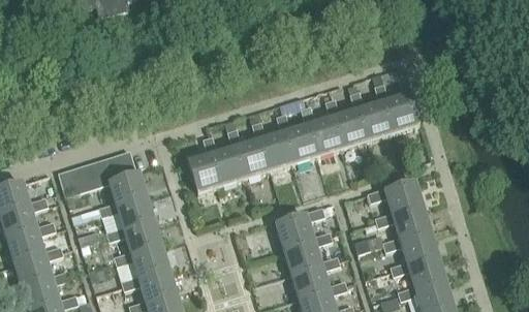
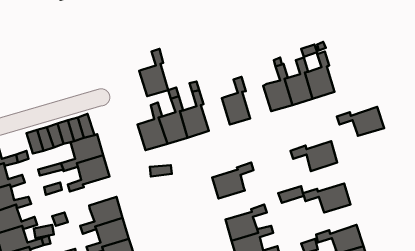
building: [311,98,345,154] -> none
building: [262,113,297,168] -> [139,49,168,96]
building: [375,206,431,240] -> [337,107,384,136]
building: [114,222,163,264] -> none
building: [283,230,332,273] -> none
building: [390,255,445,289] -> none

